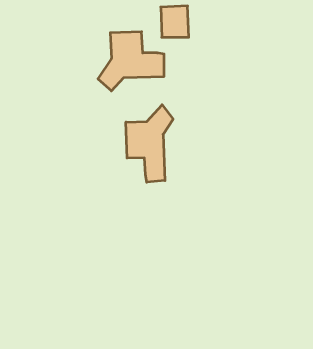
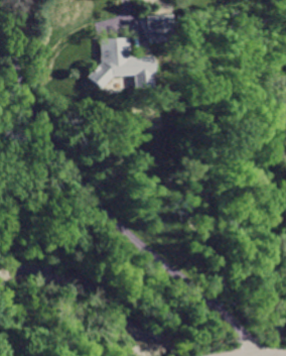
building: [126,105,173,182] -> none

